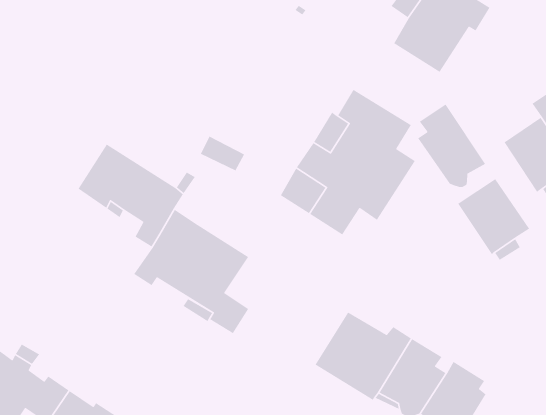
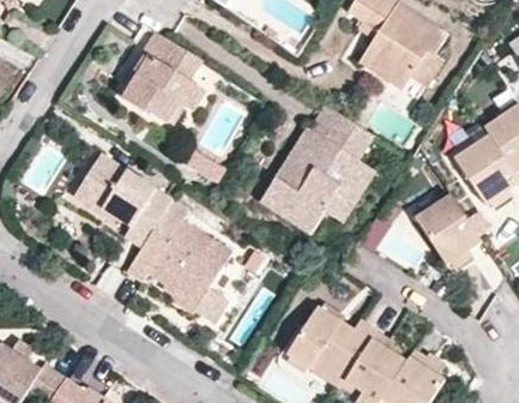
building: none -> [123,36,205,124]
building: [417,103,486,188] -> none

